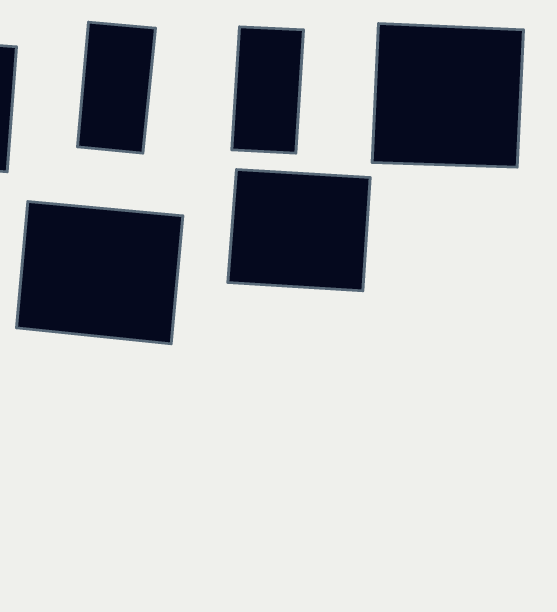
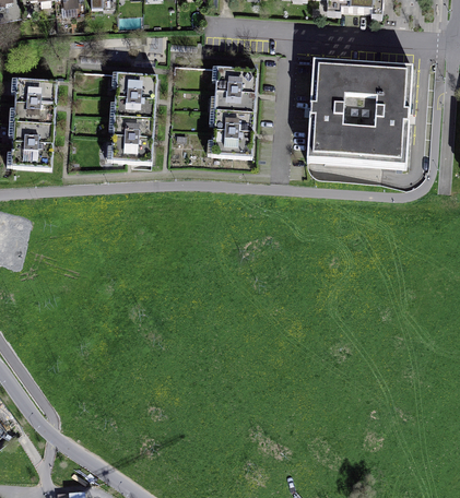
building: [228,169,370,291] -> none
building: [17,201,183,344] -> none

